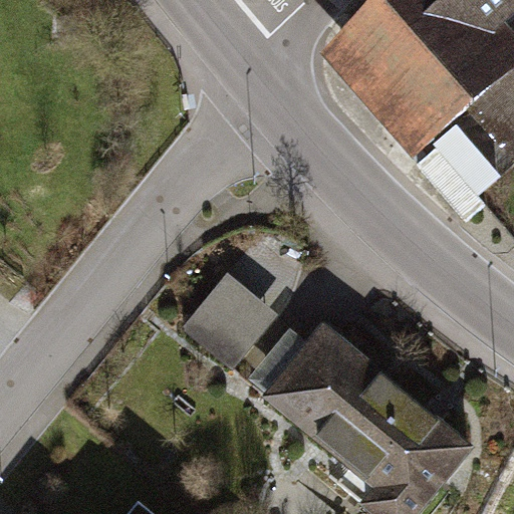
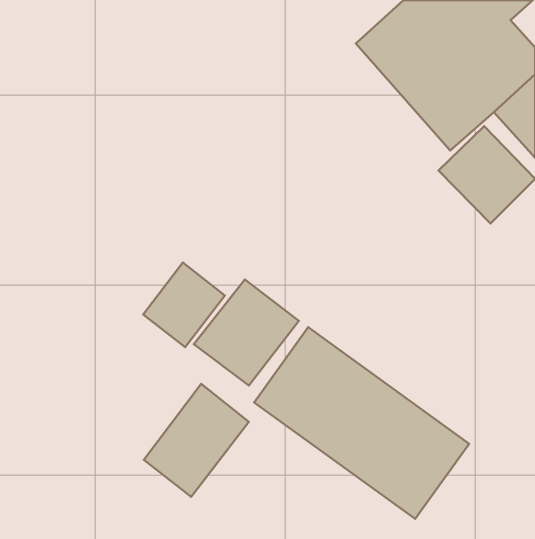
building: none -> [143,262,225,347]
building: none -> [144,384,249,497]

